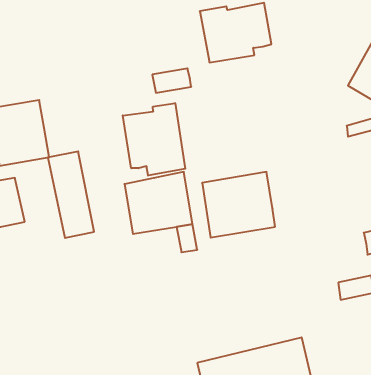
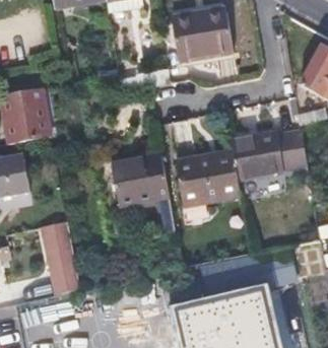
building: [123,103,185,176] -> none
building: none -> [231,131,308,183]
building: [48,151,94,238] -> [41,223,79,295]

